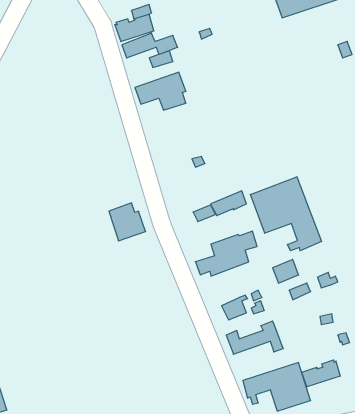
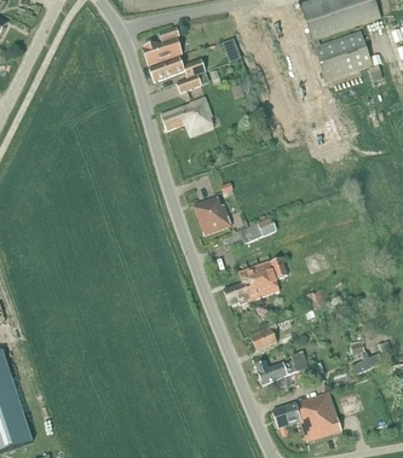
building: none -> [313,30,373,81]
building: [250,177,321,251] -> none
building: [109,203,146,241] -> [195,196,232,234]
building: [302,360,340,387] -> none

